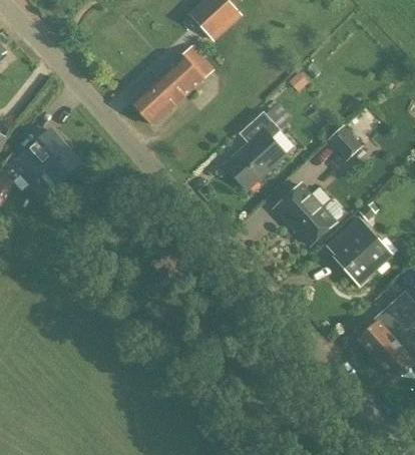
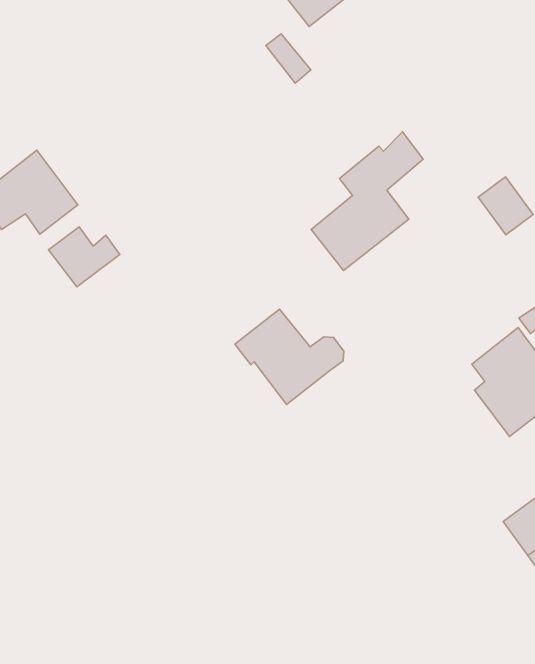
building: [130,56,202,125] -> none
building: none -> [49,227,120,287]
building: [274,185,342,245] -> [235,309,344,405]

